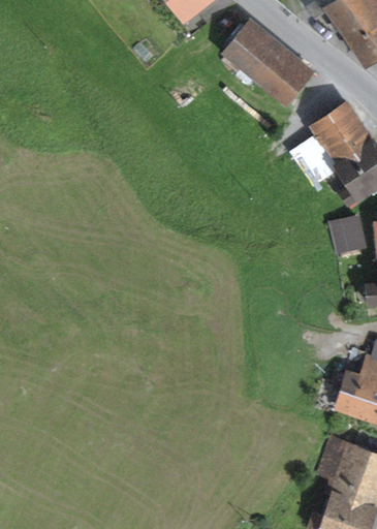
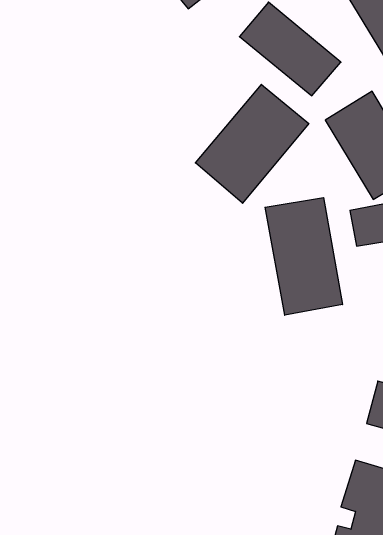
building: none -> [195,84,309,203]
building: none -> [265,198,342,315]

